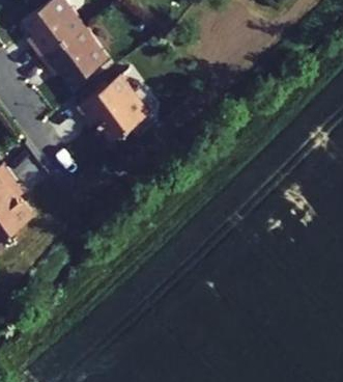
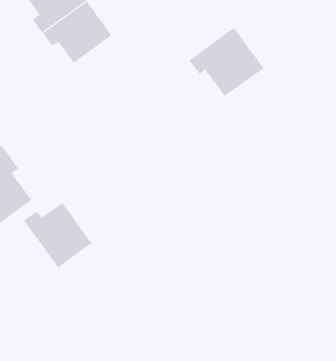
building: [79,78,151,144] -> [189,27,264,96]
building: none -> [23,202,92,268]

